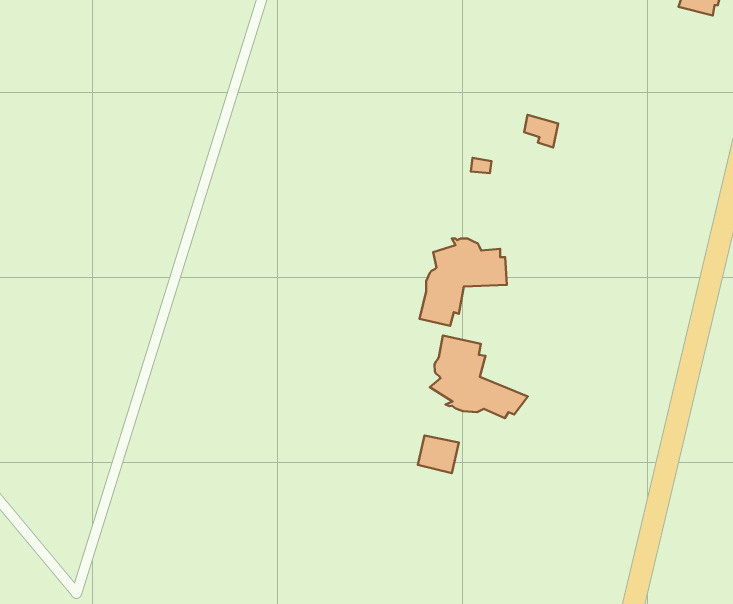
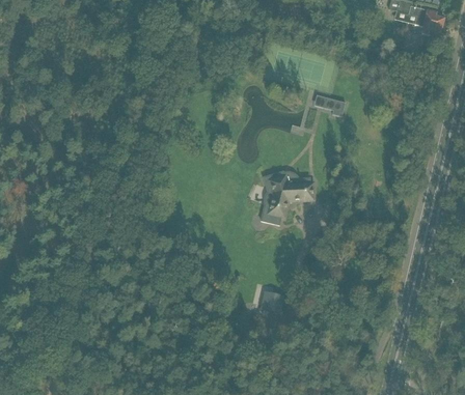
building: [430,336,528,418] -> none

